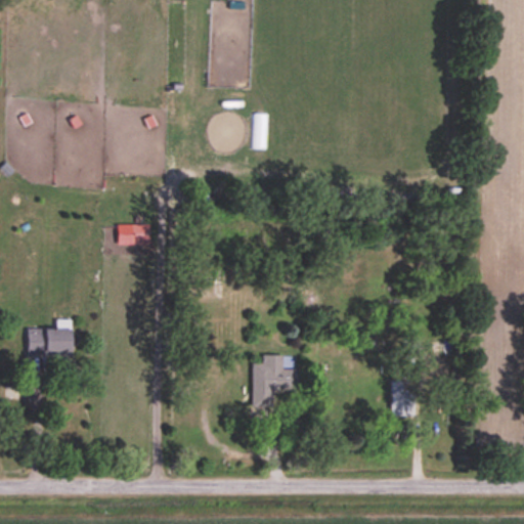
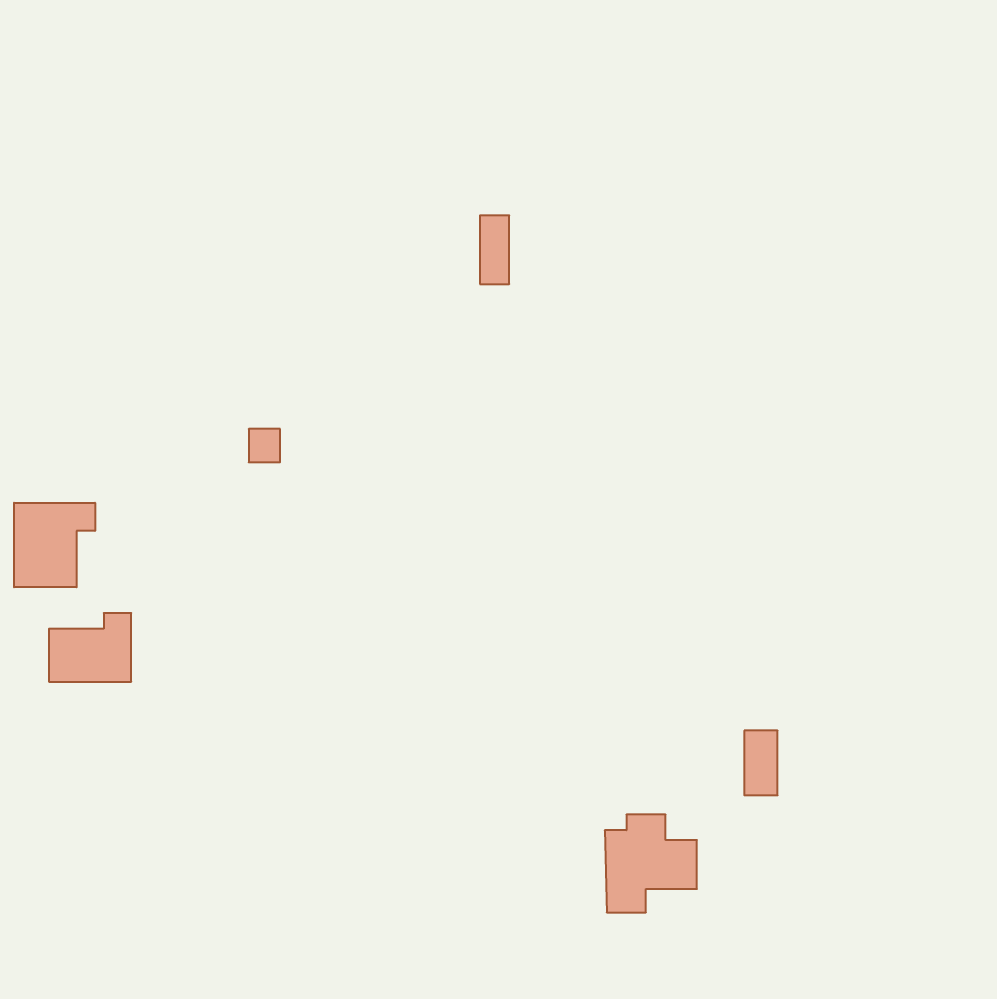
building: none -> [14,503,95,587]
building: [252,354,300,405] -> [605,815,697,912]

